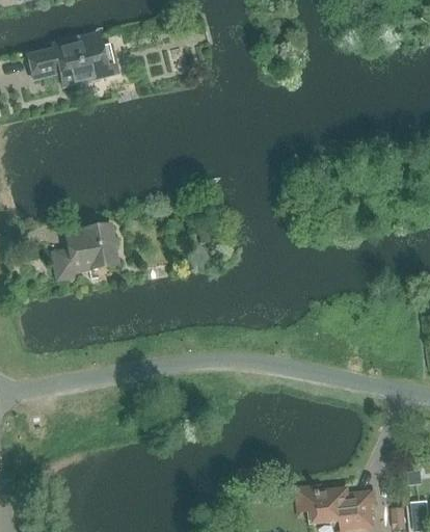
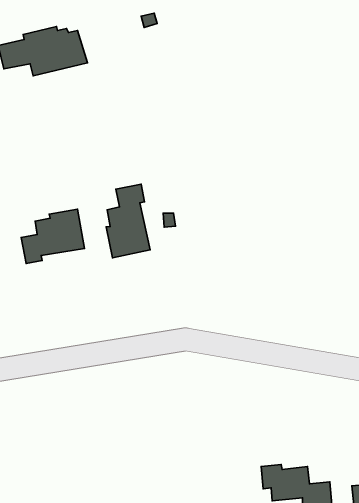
building: none -> [106,184,150,258]

